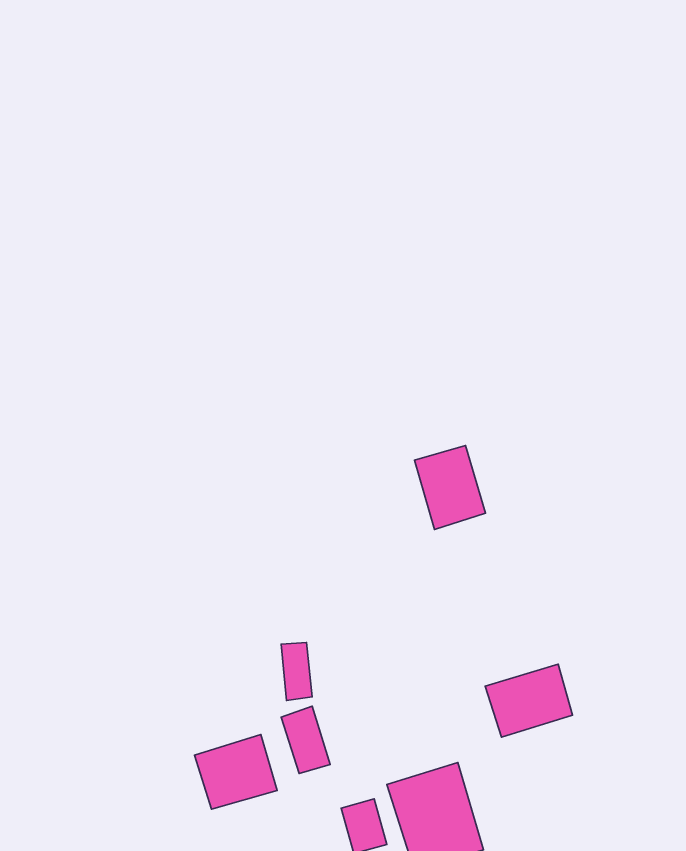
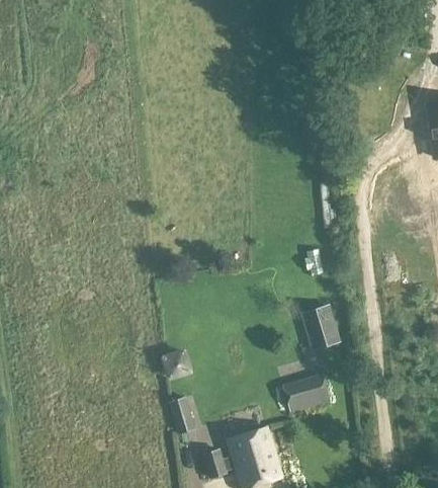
building: [415,446,486,529] -> [302,303,342,349]
building: [194,735,277,809] -> none

